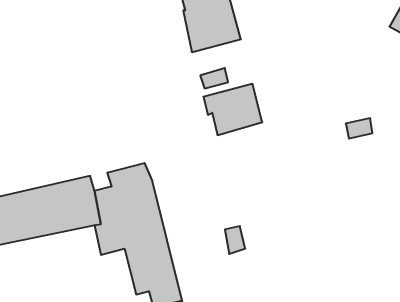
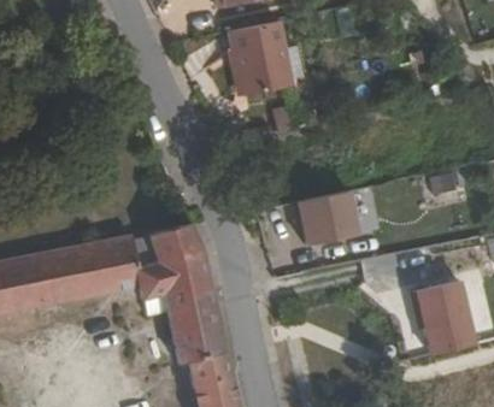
building: [203,84,262,135] -> [294,188,360,246]
building: none -> [404,276,469,355]

